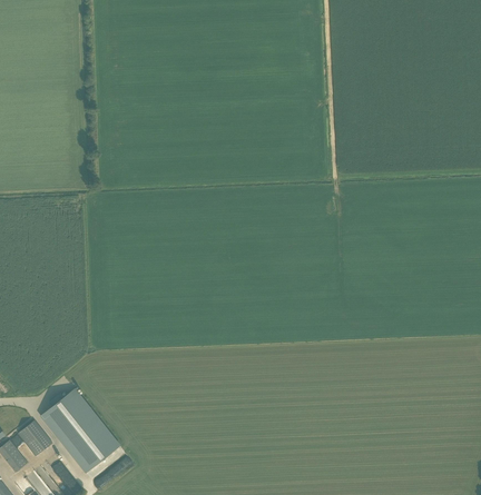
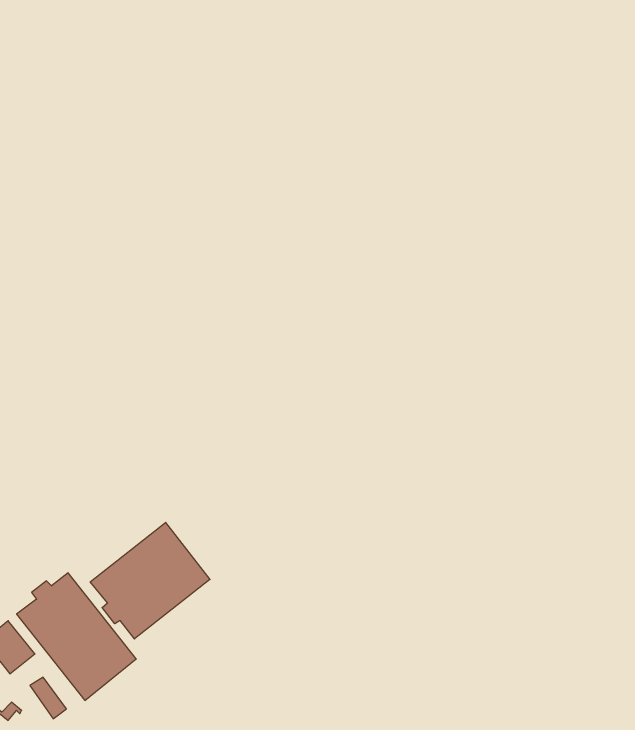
building: none -> [90,522,210,639]

